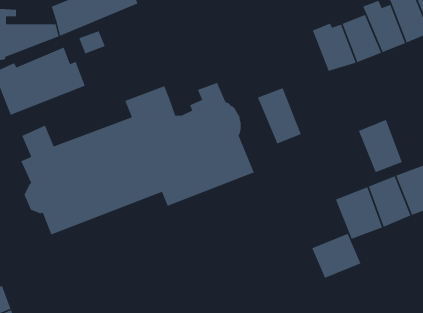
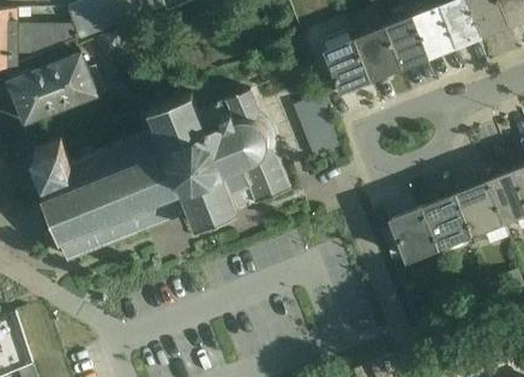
building: none -> [321,29,372,91]
building: [358,119,403,173] -> none
building: [311,233,362,279] -> none

